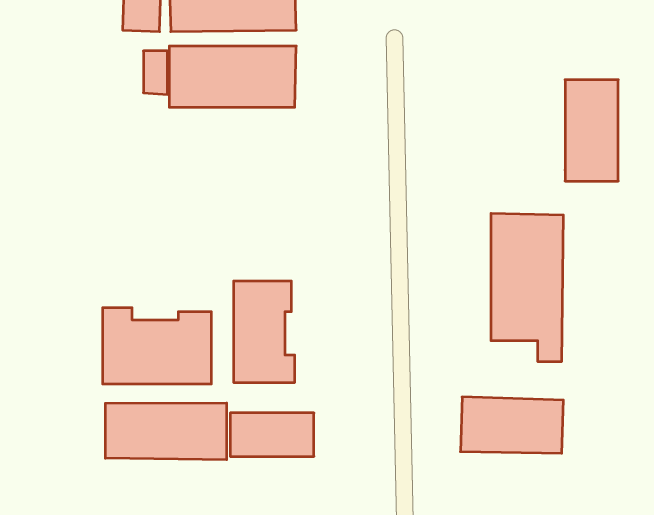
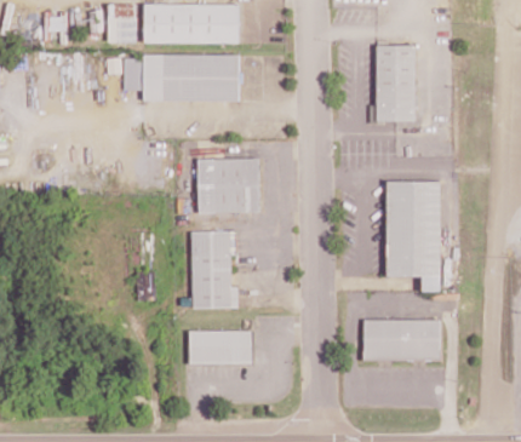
building: [565,80,618,181] -> [374,45,414,121]
building: none -> [197,157,258,213]
building: [103,308,211,384] -> none
building: [105,403,227,460] -> none

